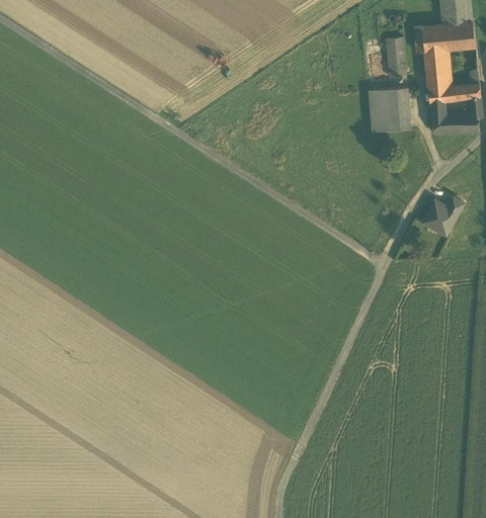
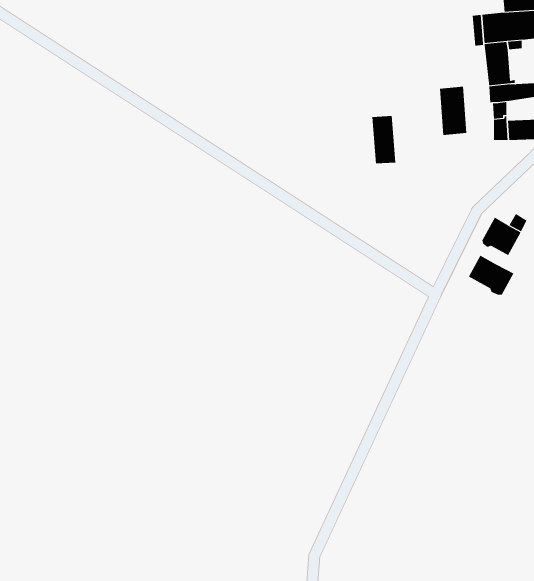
building: [386,37,406,77] -> none
building: [369,90,390,132] -> [371,116,396,164]
building: none -> [468,255,514,295]

